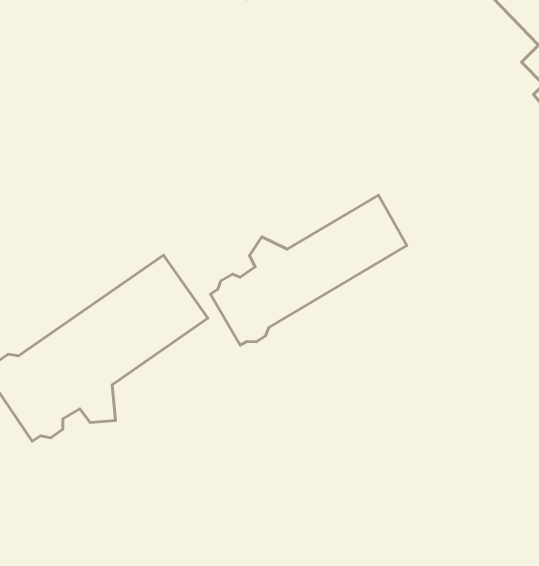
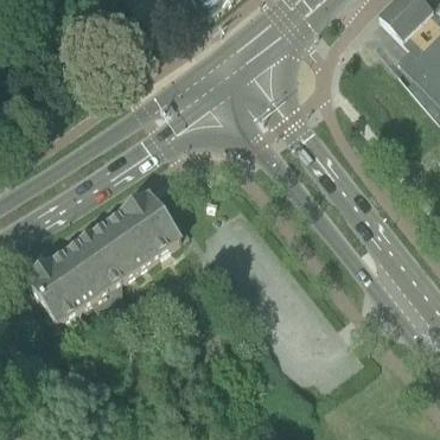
building: [210,195,407,345] -> none

